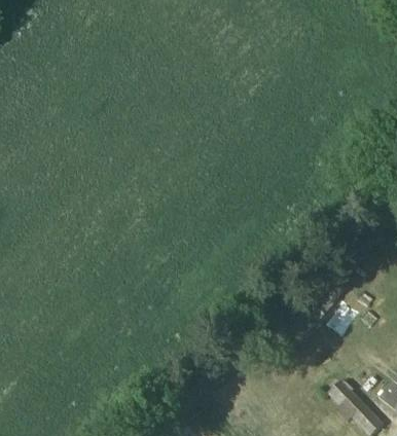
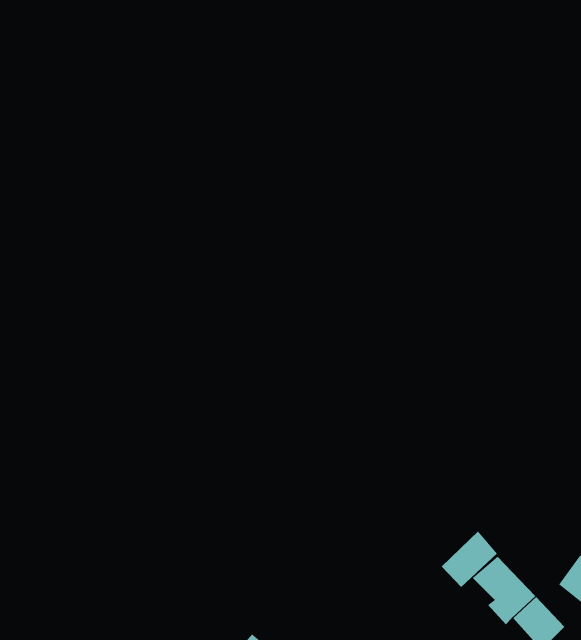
building: none -> [441,530,498,588]

